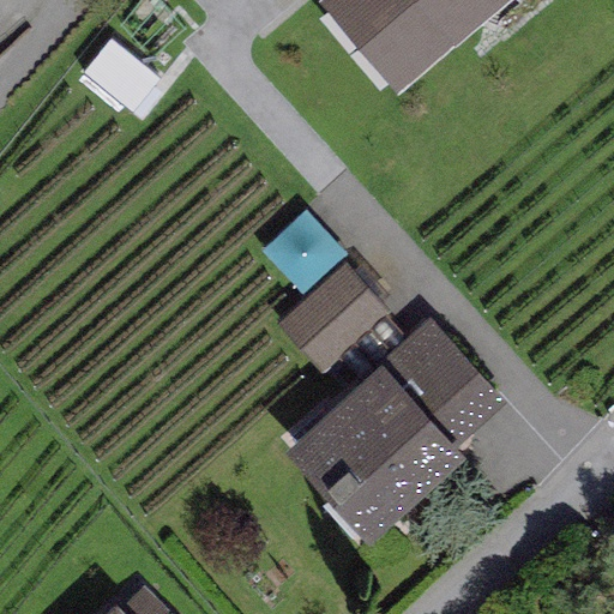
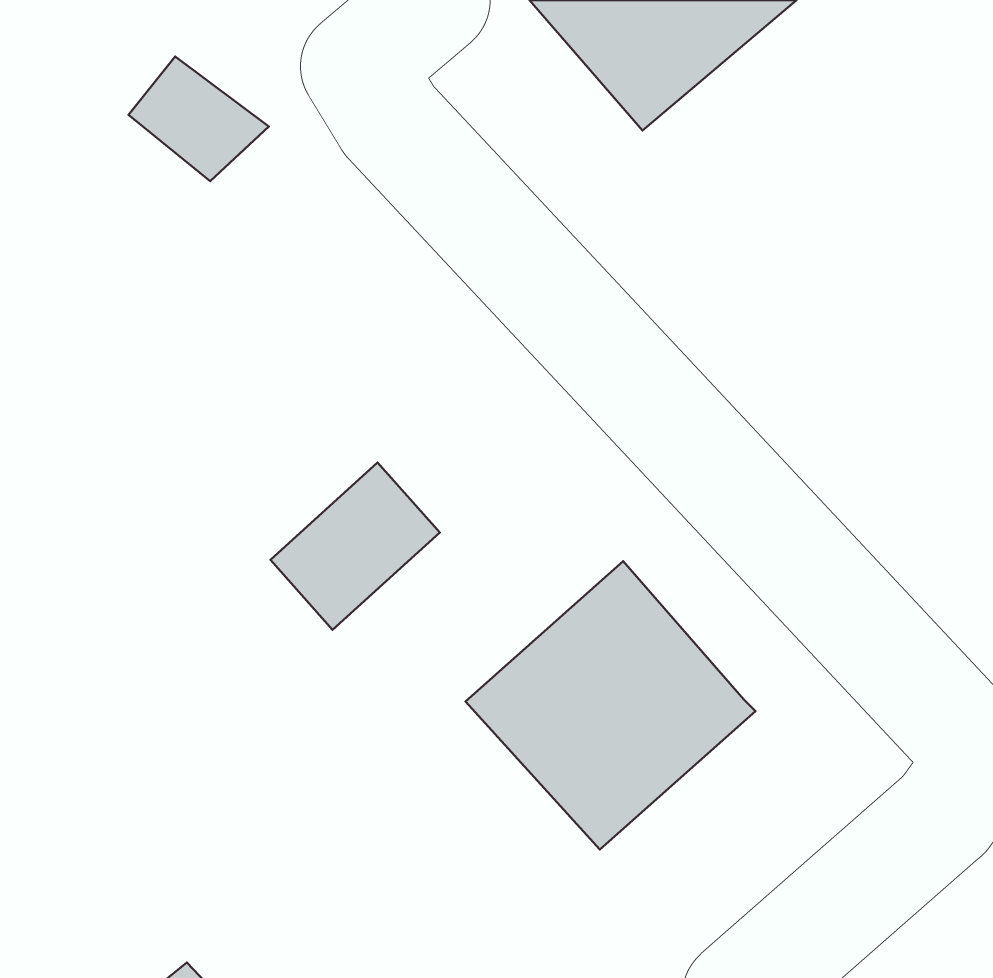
building: [282,267,386,371] -> [270,462,440,630]
building: [385,318,505,441] -> none

